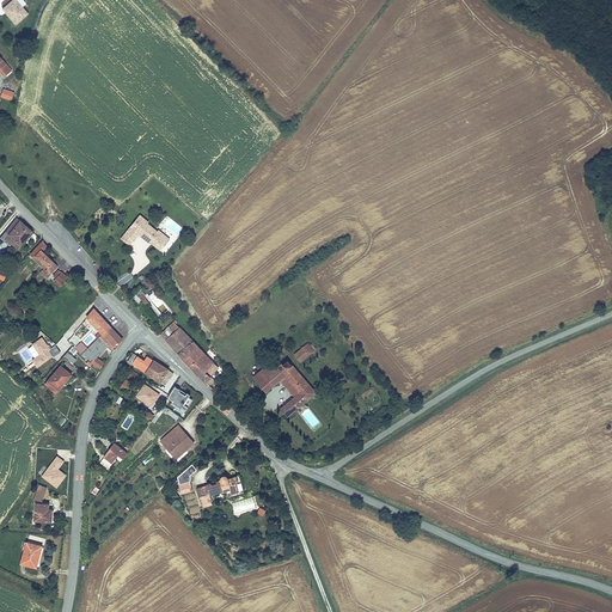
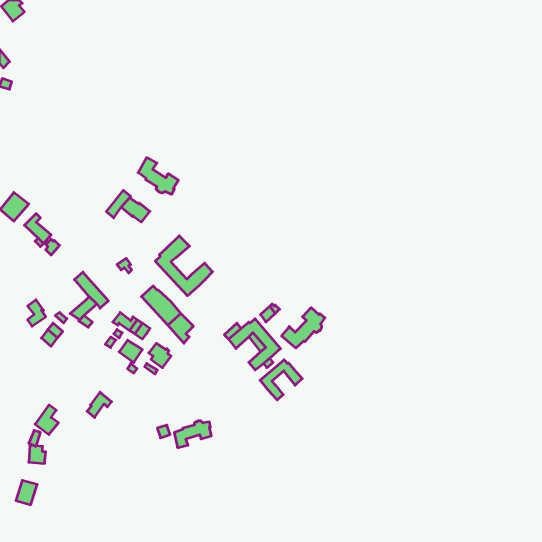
building: none -> [138,158,178,194]
building: none -> [155,236,213,296]
building: none -> [282,308,325,348]
building: none -> [260,360,302,400]
building: [159,426,194,459] -> none

